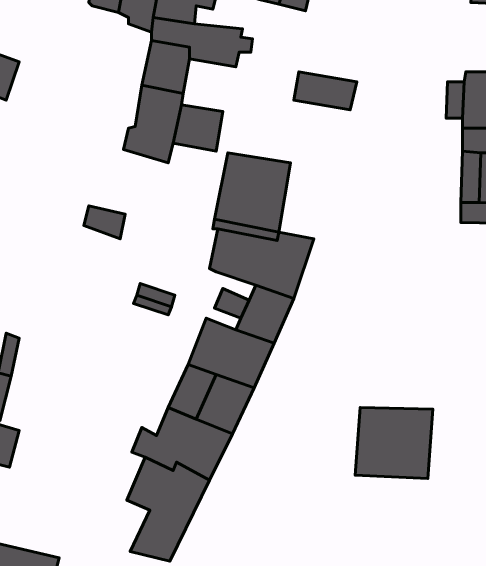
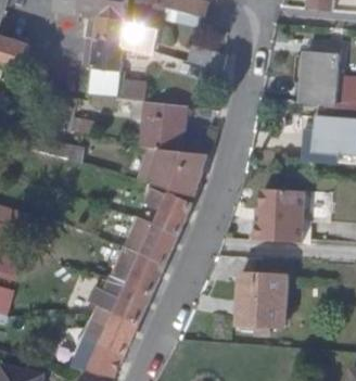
building: none -> [252,180,304,236]

